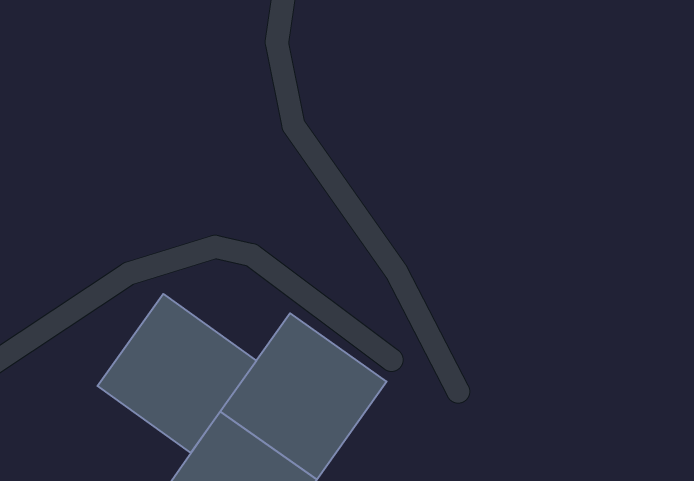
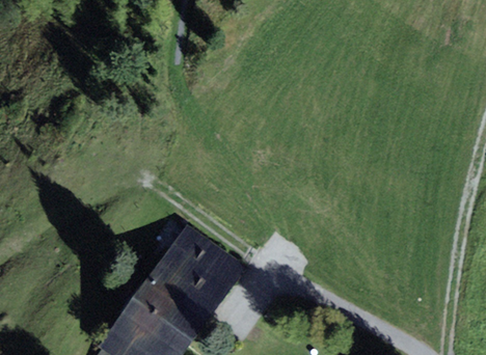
building: [97,294,256,453] -> none

